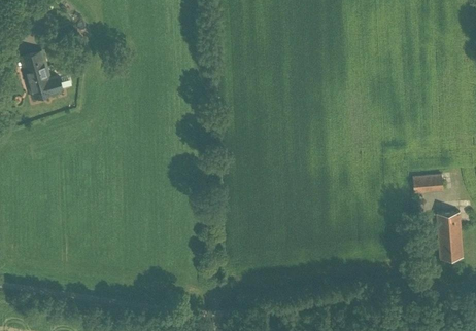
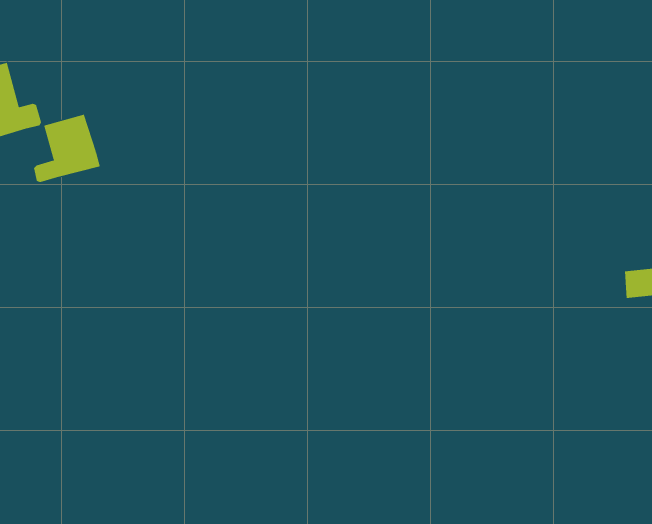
building: none -> [33,114,101,183]

